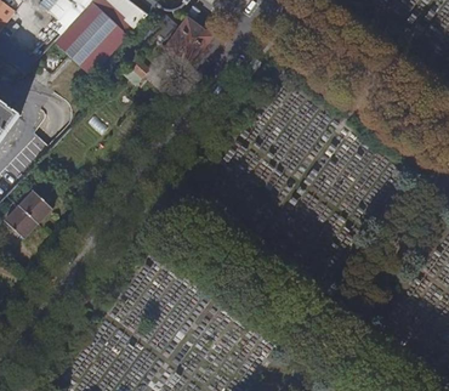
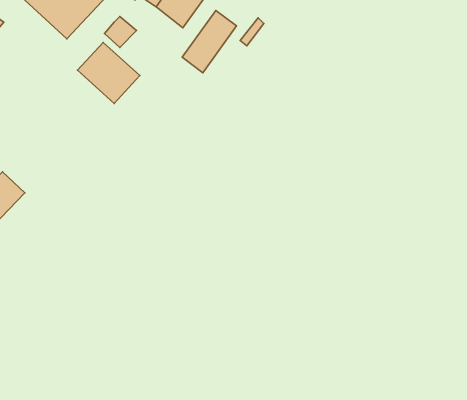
building: none -> [182,11,236,73]
building: none -> [78,43,140,103]

